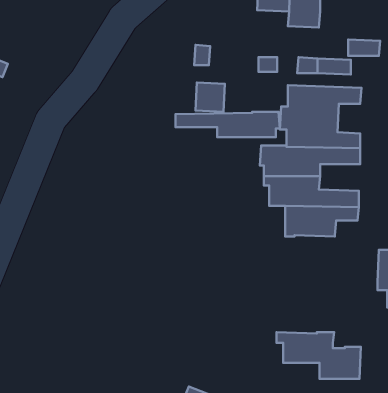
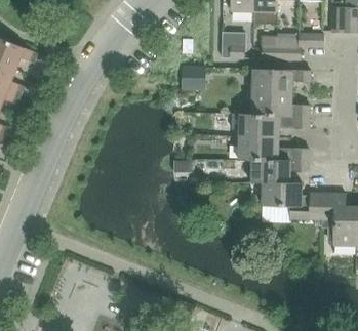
building: [175,112,280,137] -> none
building: [276,332,361,379] -> [257,183,322,219]

